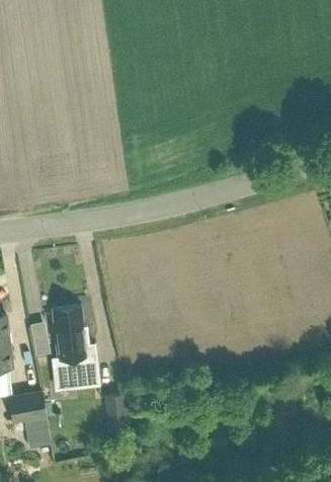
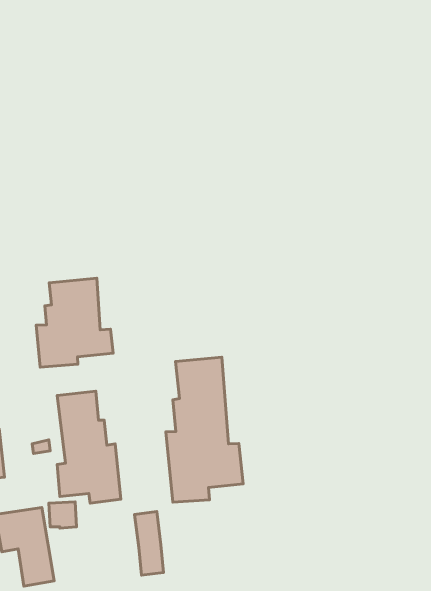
building: none -> [36,278,113,367]
building: none -> [166,357,243,502]

